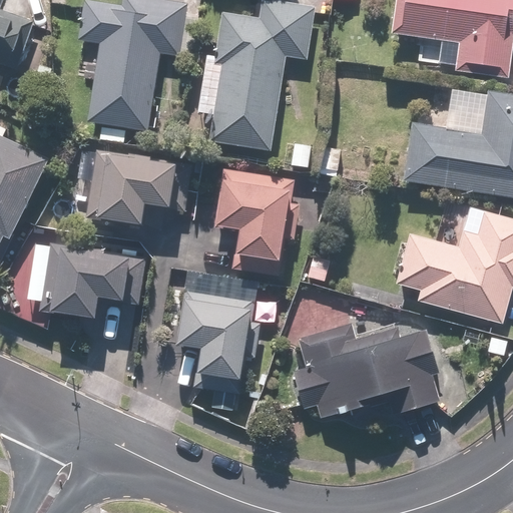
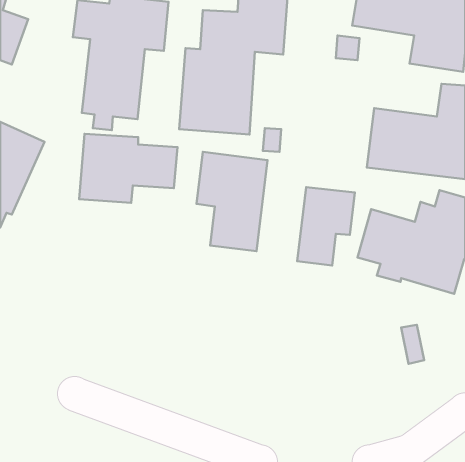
building: none -> [297,187,355,266]
building: [32,242,126,317] -> none
building: [176,272,254,391] -> none
building: [293,320,443,422] -> none

